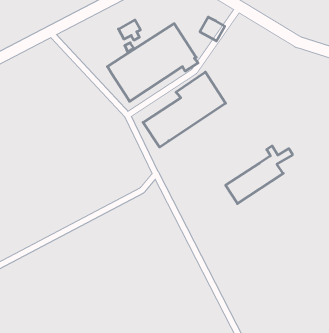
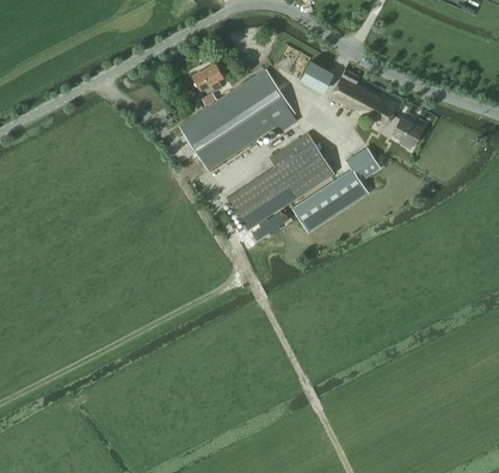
building: none -> [331,68,420,147]
building: [226,146,292,204] -> [292,155,380,231]

